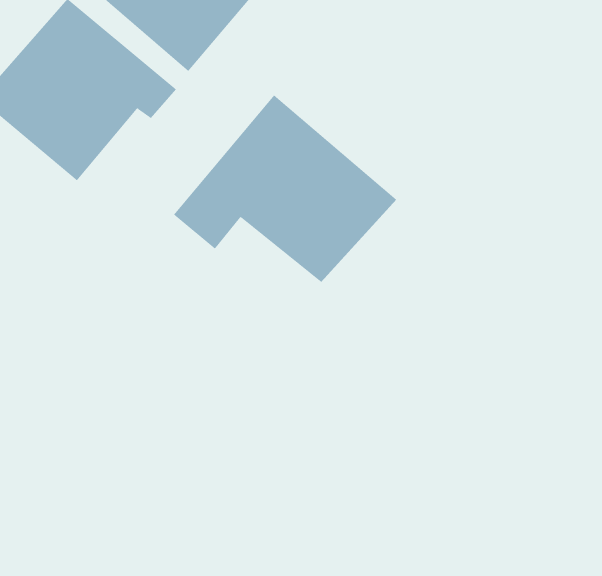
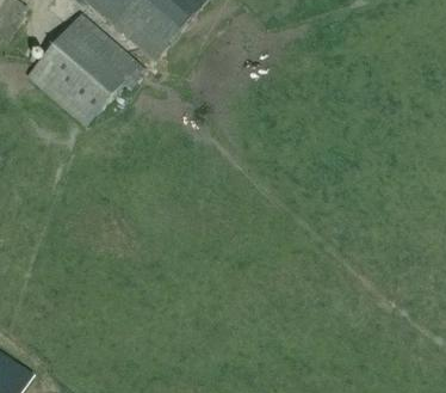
building: [173,95,397,283] -> none

